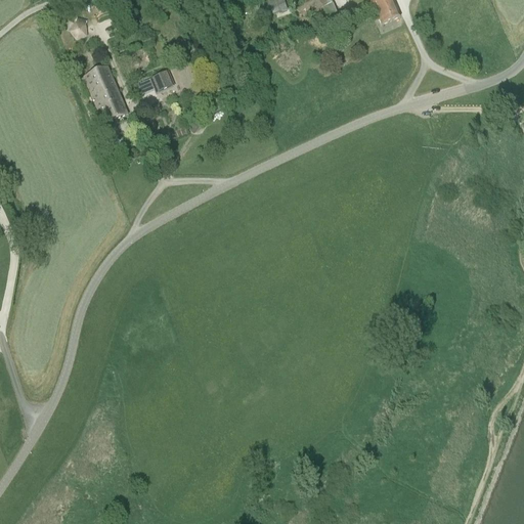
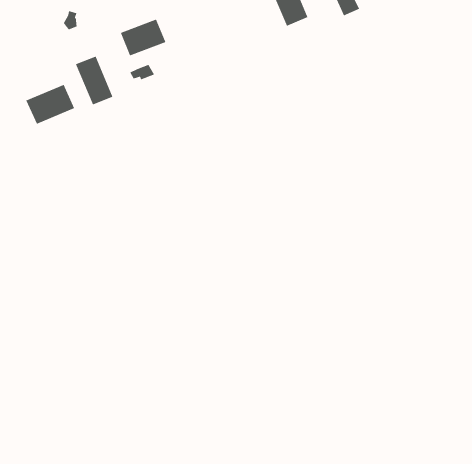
building: none -> [120,18,166,57]
building: none -> [25,84,75,125]

